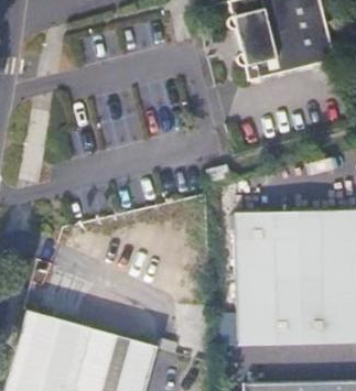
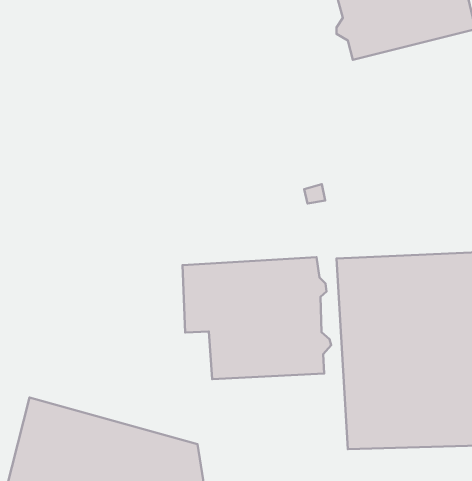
building: none -> [182,257,331,379]

